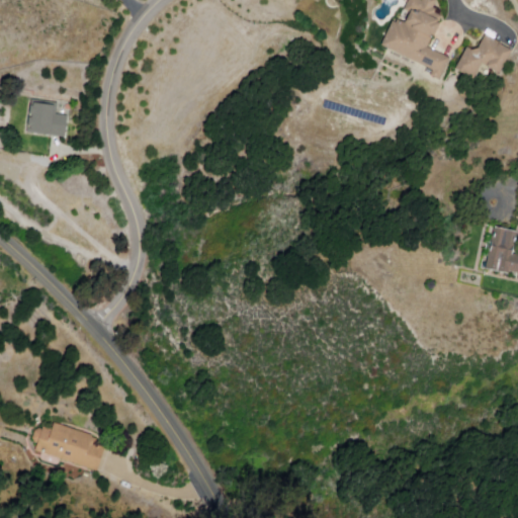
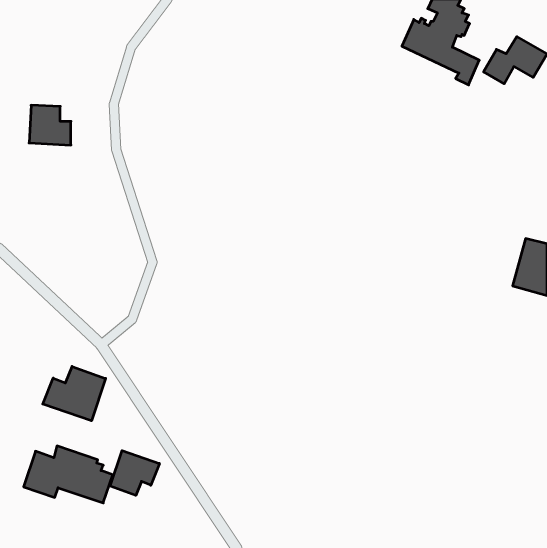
building: none -> [43,366,106,421]
building: none -> [110,451,159,495]

